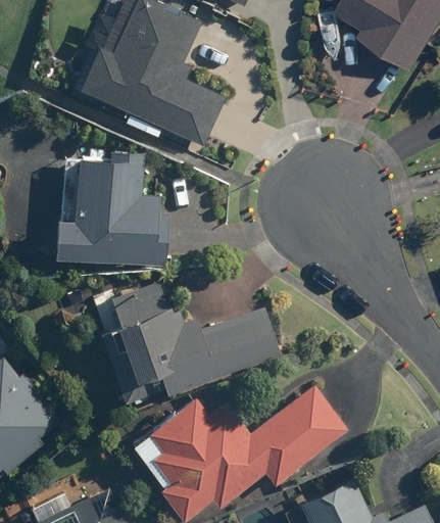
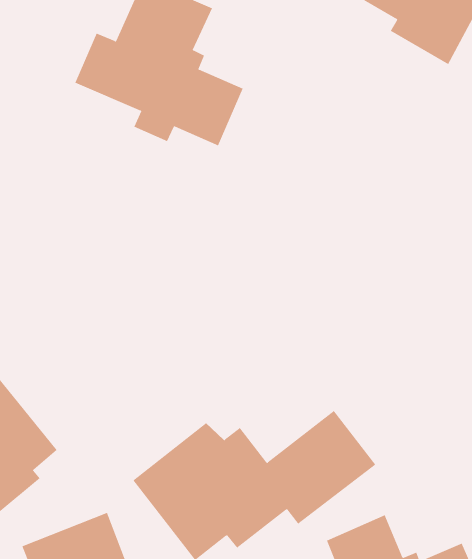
building: [51,147,172,268] -> none
building: [89,285,285,407] -> none

